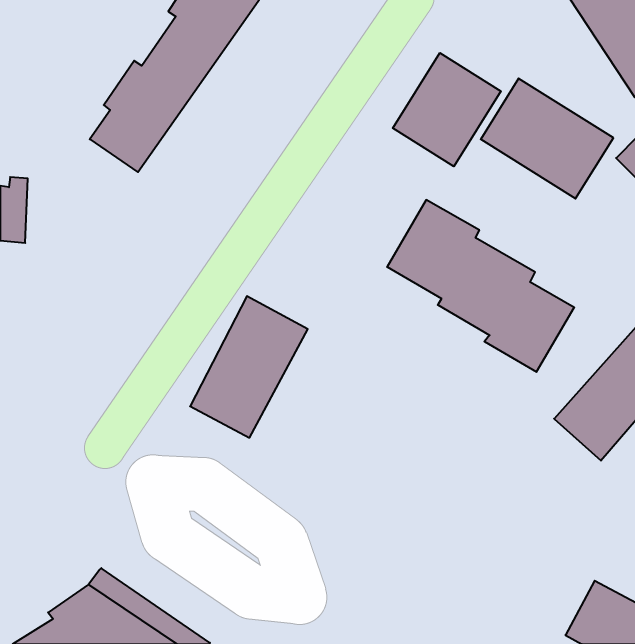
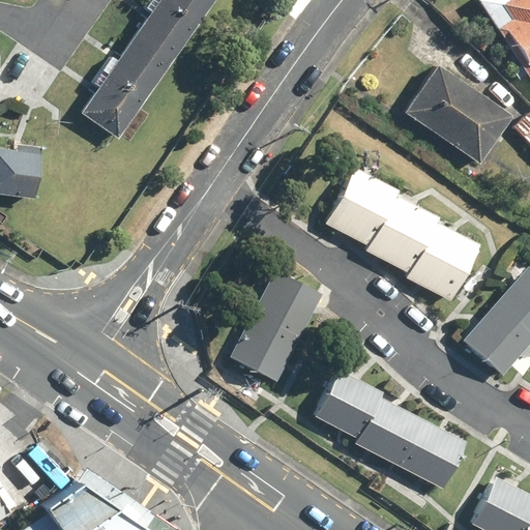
building: [393,53,501,166] -> none
building: [190,296,308,438] -> [228,268,324,384]
building: none -> [314,366,467,488]

